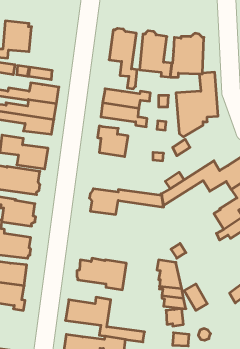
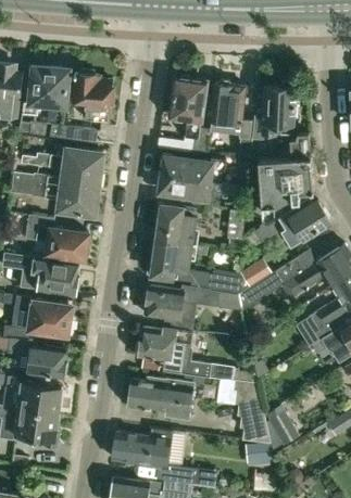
building: none -> [72,69,112,122]
building: none -> [277,200,330,247]
building: none -> [147,239,239,295]
building: none -> [136,328,234,380]

